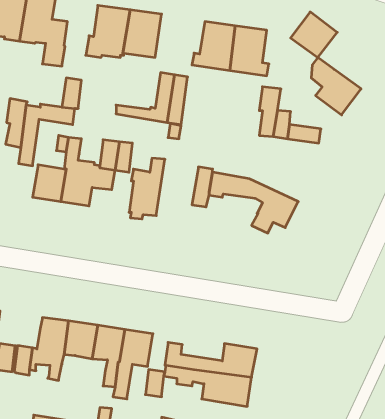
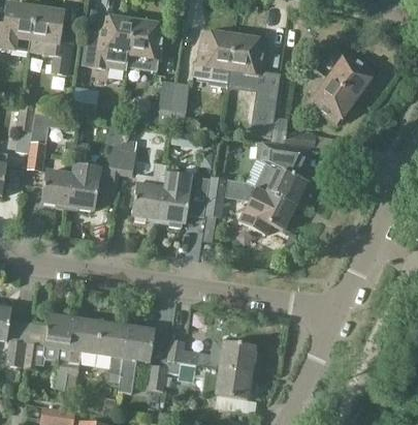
building: [291,12,337,57] -> [328,53,373,96]
building: none -> [243,143,308,204]
building: none -> [159,163,193,225]

